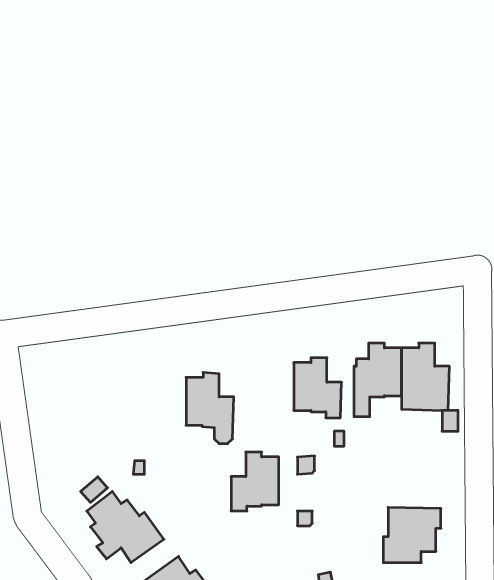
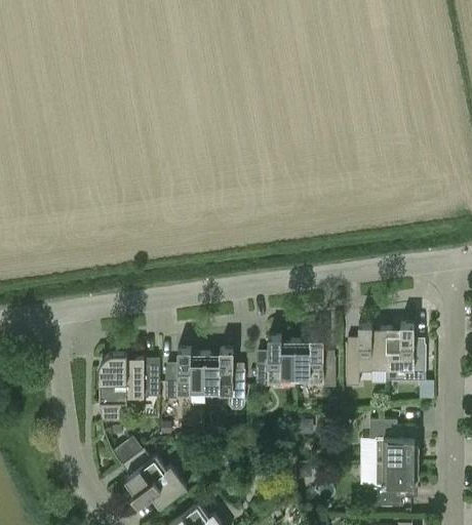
building: none -> [165,350,205,400]
building: none -> [100,352,159,422]
building: [231,452,279,511] -> [255,337,296,387]
building: none -> [367,420,419,463]

